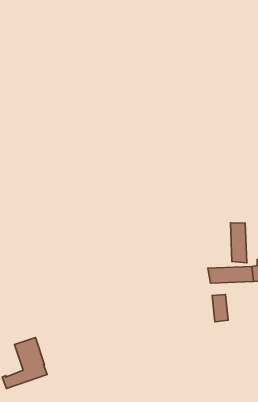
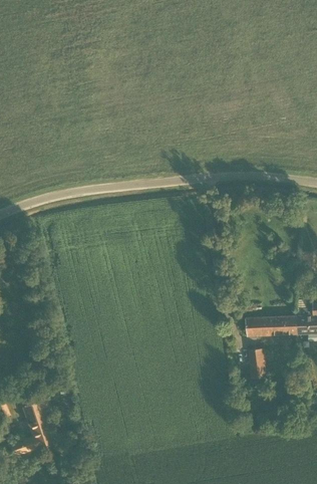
building: [230,223,247,263] -> none

